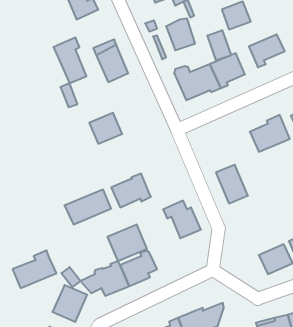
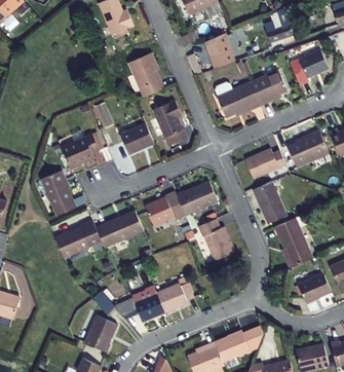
building: [207,30,231,61] -> none
building: [53,37,86,83] -> [151,98,185,145]
building: none -> [64,134,102,169]
building: none -> [244,151,285,180]
building: none -> [43,170,78,215]
building: none -> [176,183,218,216]
building: none -> [274,218,309,260]
building: [108,224,147,261] -> none
building: [13,250,56,288] -> [60,218,105,257]

